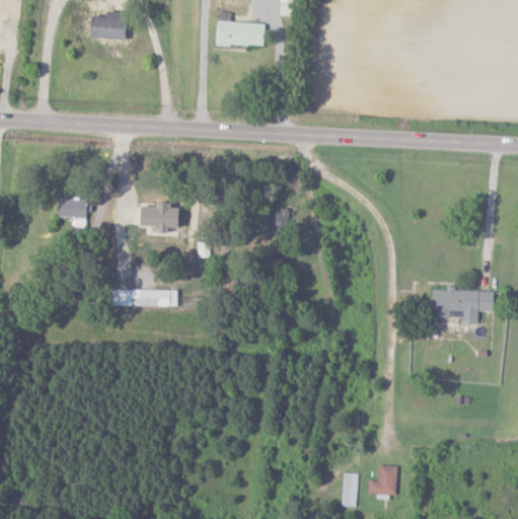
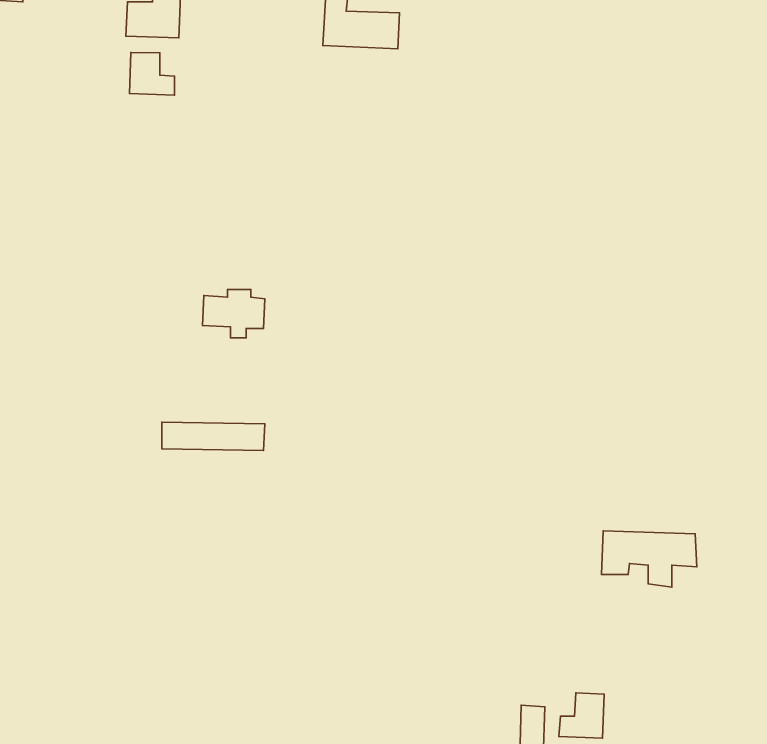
building: none -> [129,52,175,95]
building: [58,200,86,226] -> none
building: [432,289,494,325] -> [601,531,697,587]

